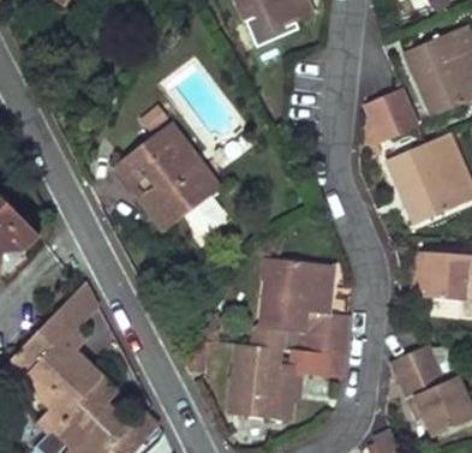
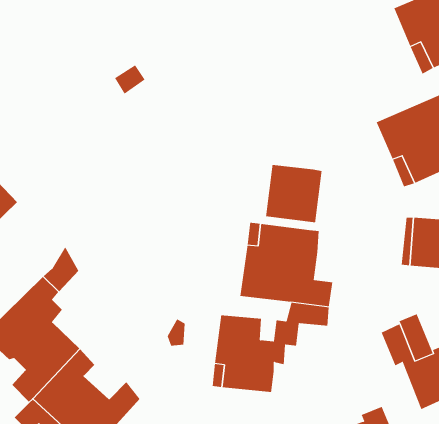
building: [365,91,417,143] -> none
building: [114,127,222,236] -> none
building: none -> [265,164,322,223]

